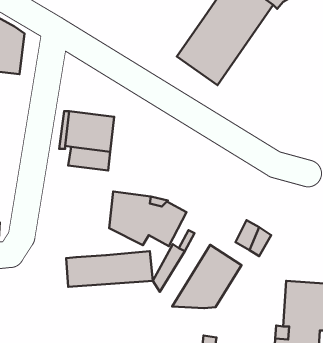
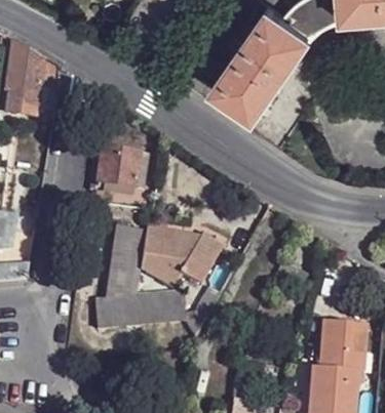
building: none -> [108,223,146,294]
building: [172,245,242,308] -> none

